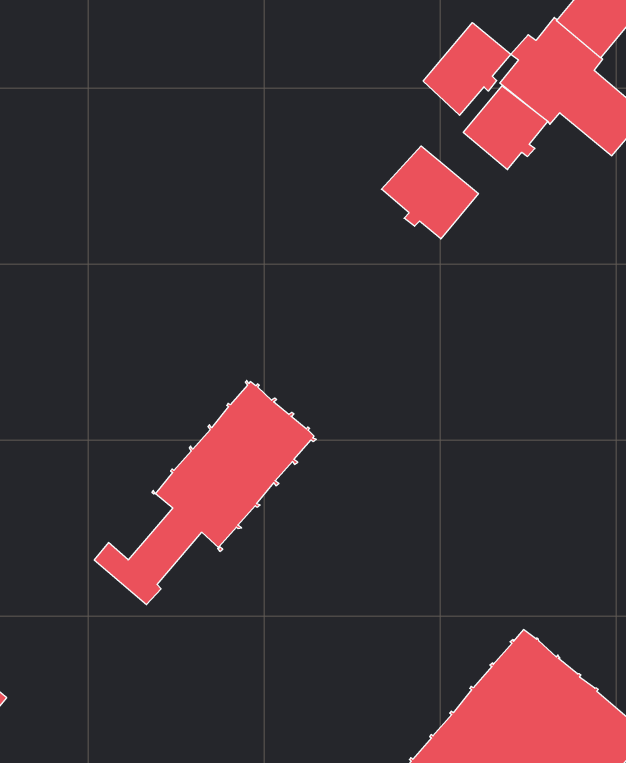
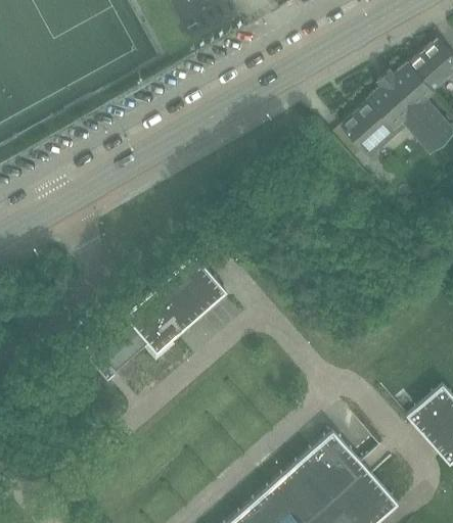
building: [423,23,511,115] -> none
building: [381,146,478,239] -> none

